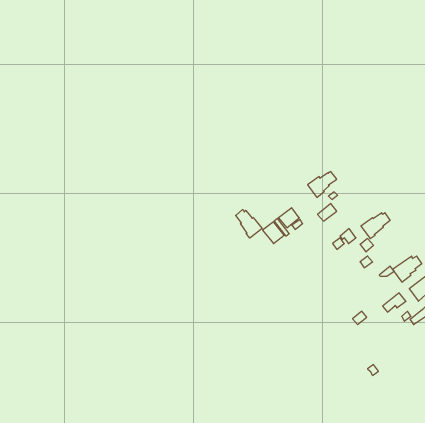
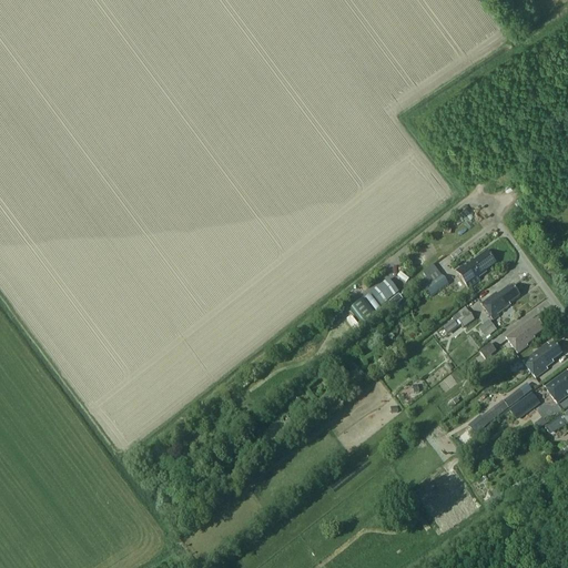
building: [308,172,337,197] -> [458,250,497,284]
building: [236,210,262,238] -> none
building: none -> [507,316,545,351]

